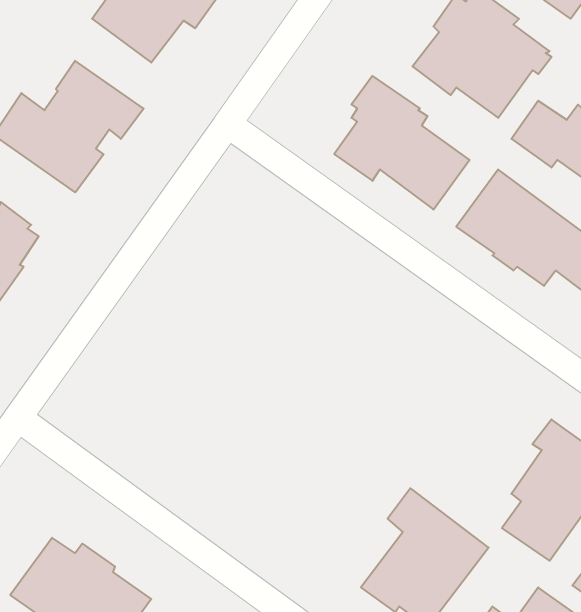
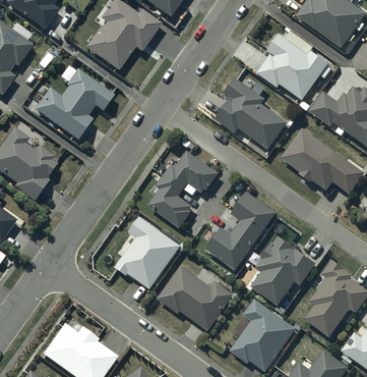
building: none -> [149,151,219,227]
building: none -> [206,193,276,270]
building: none -> [116,217,181,289]
building: none -> [251,236,316,306]
building: none -> [158,265,234,330]

